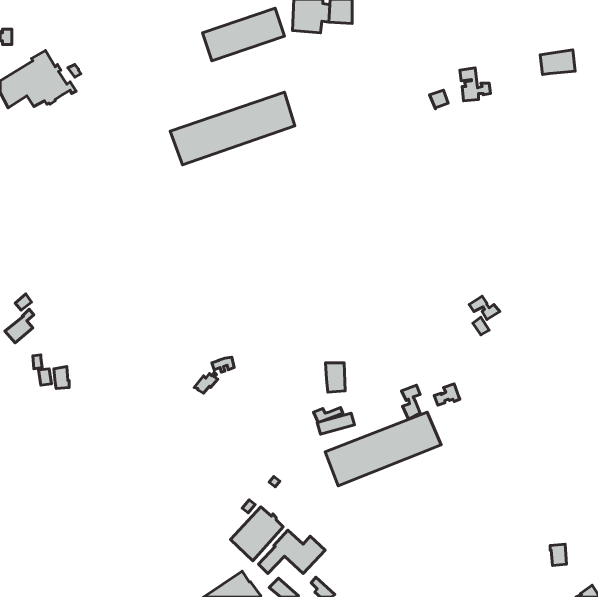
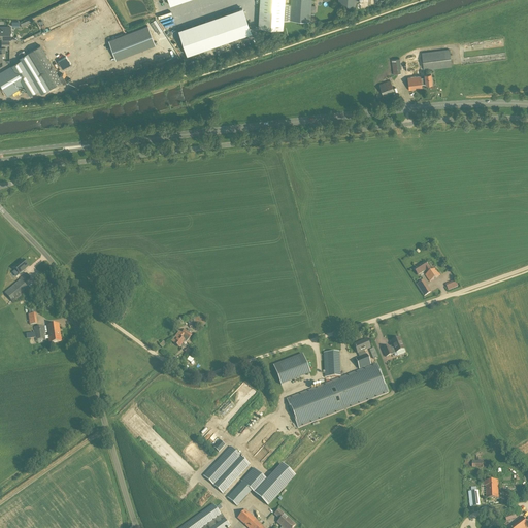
building: none -> [108,25,155,59]
building: [540,50,575,75] -> [421,47,452,69]
building: [170,92,295,165] -> none
building: [325,363,345,392] -> [323,352,340,377]

